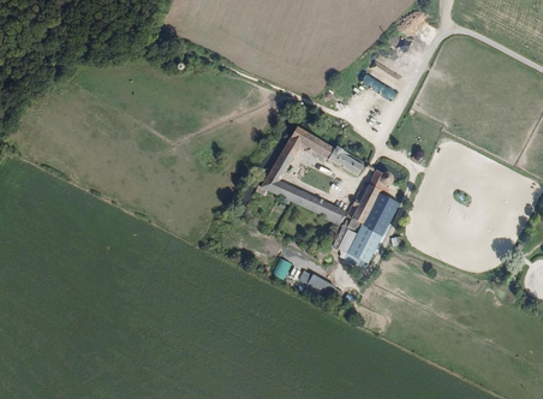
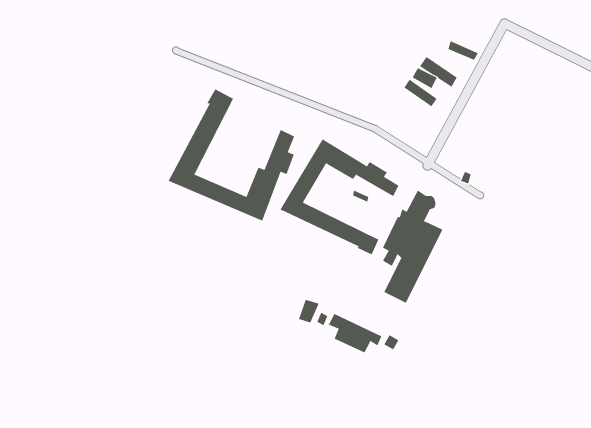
building: none -> [168,88,295,222]

